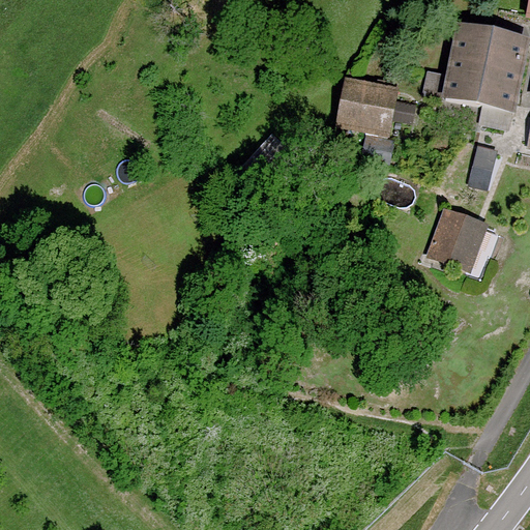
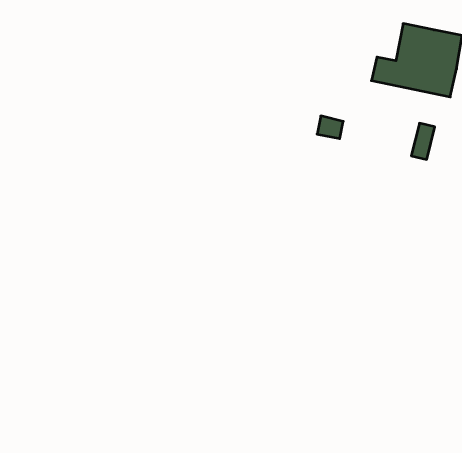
building: [337,79,396,132] -> none
building: [430,206,484,264] -> none

